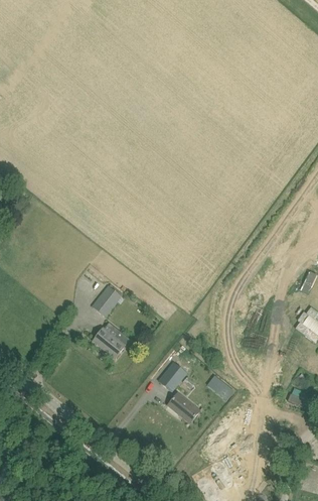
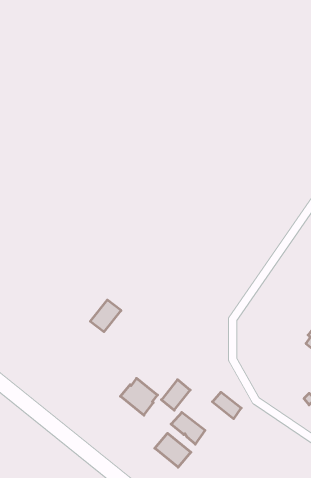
building: [93,323,128,358] -> [120,378,158,415]
building: none -> [155,433,191,467]

